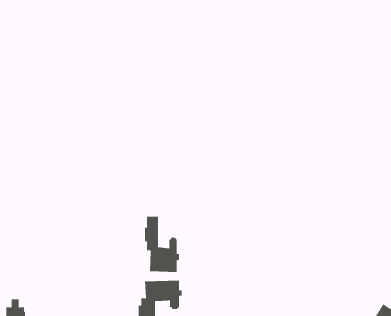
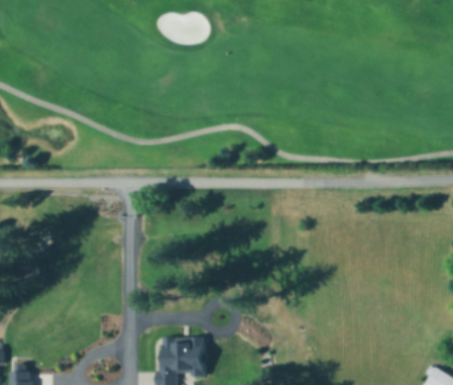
building: [144,216,179,273] -> none

